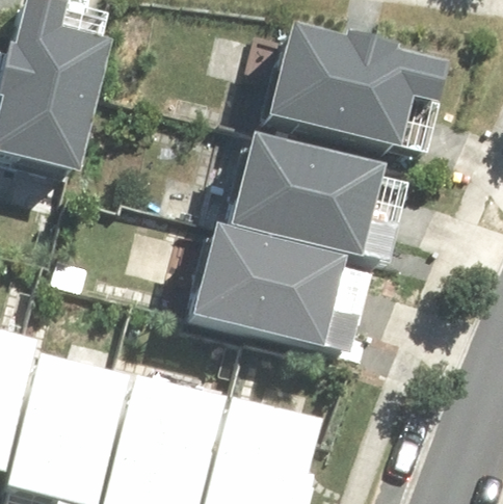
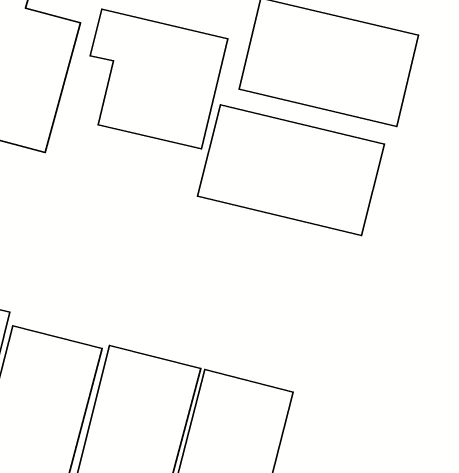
building: none -> [90,9,228,149]
building: [189,221,374,354] -> none

